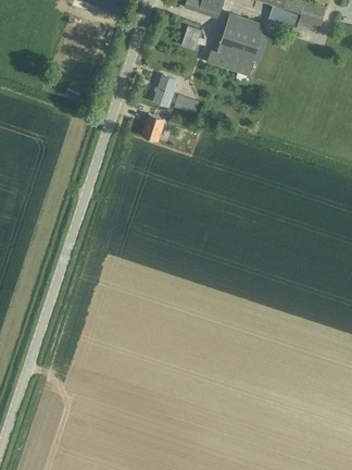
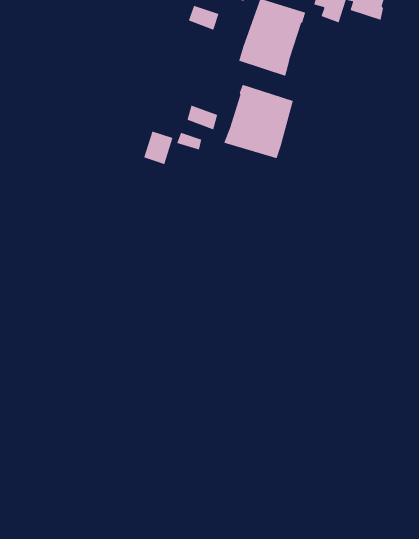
building: [152,74,177,106] -> none
building: none -> [223,84,294,159]

